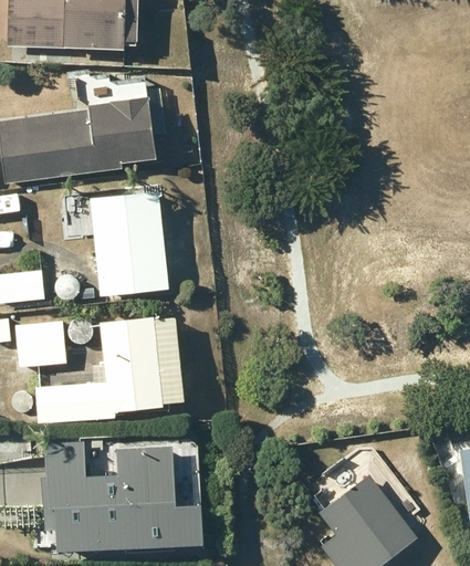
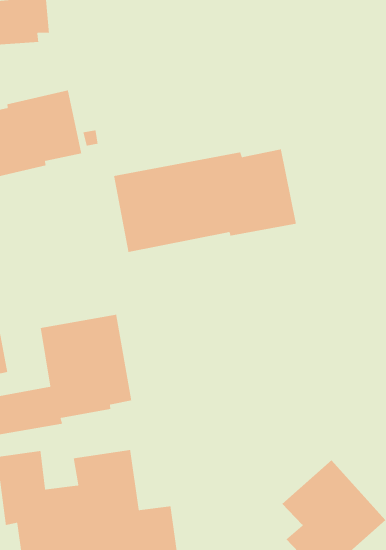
building: none -> [113,148,297,253]
building: [90,192,167,295] -> none

